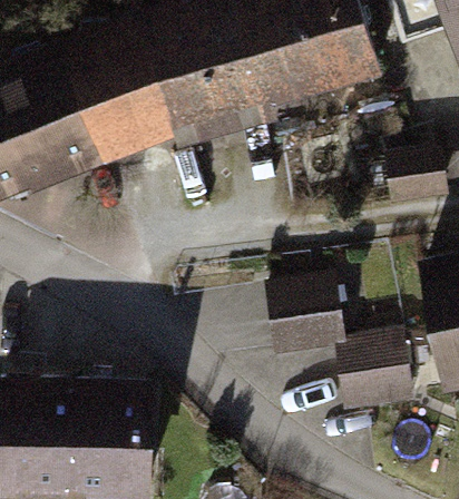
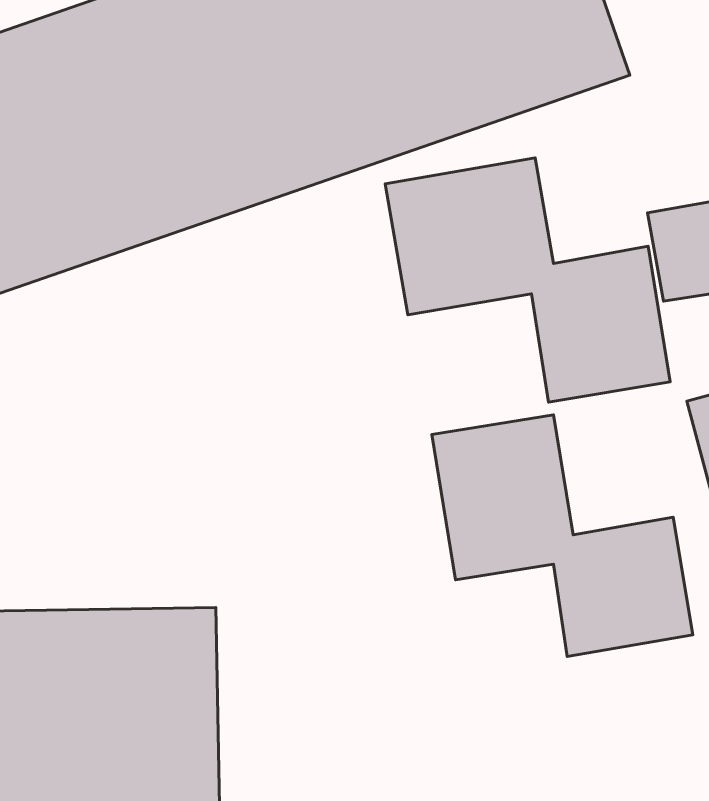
building: none -> [385,158,670,402]

